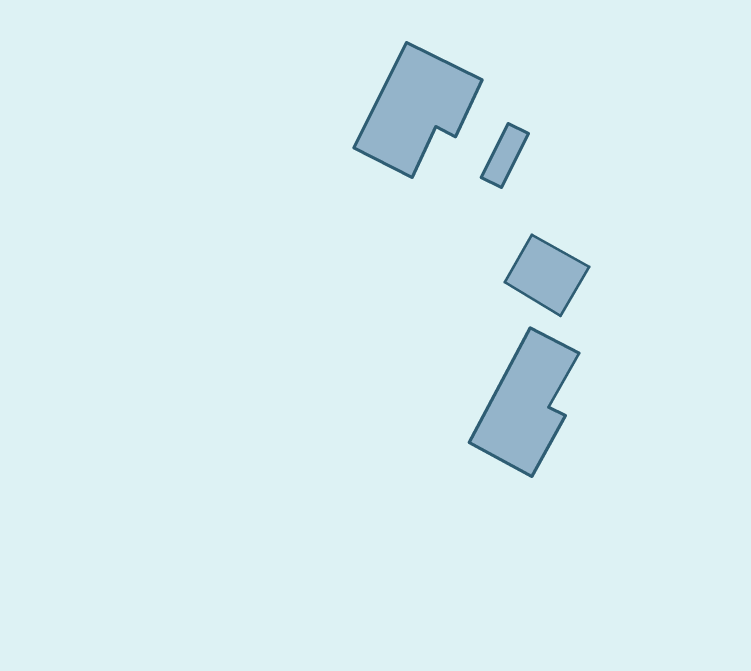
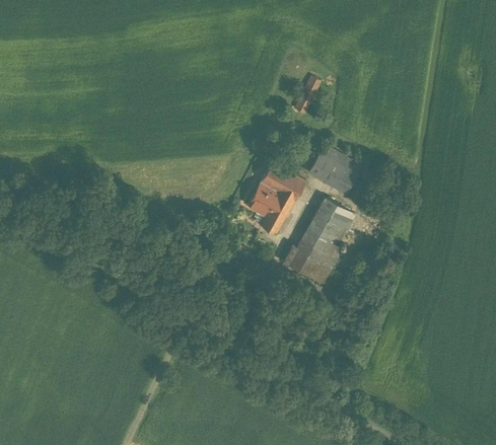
building: [354,42,482,178] -> none
building: none -> [245,161,305,238]

